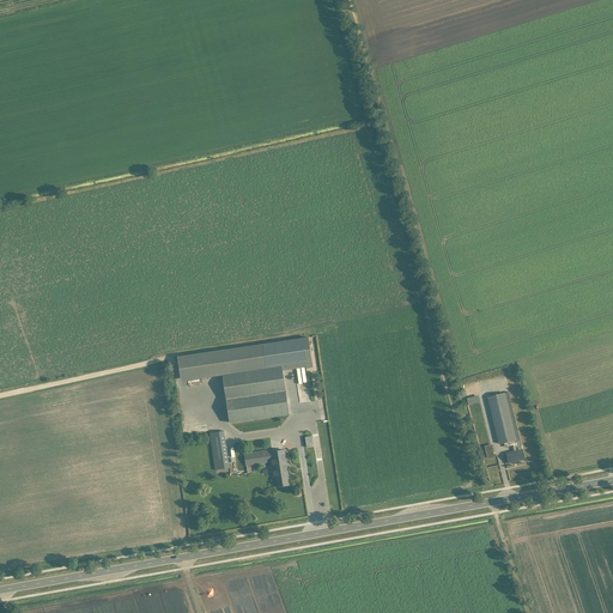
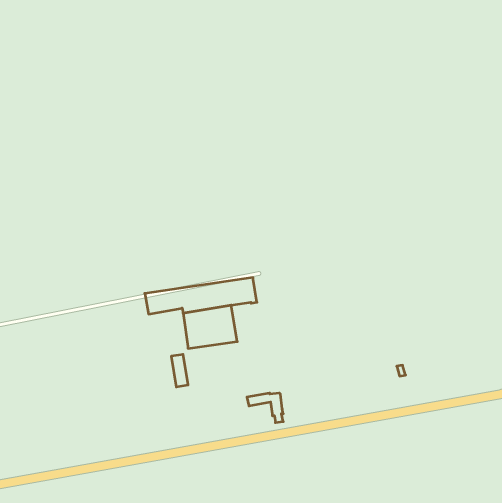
building: [486,393,523,463] -> none
building: [243,450,287,486] -> [247,393,283,423]

